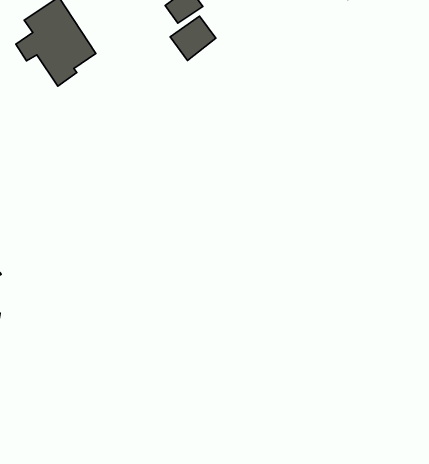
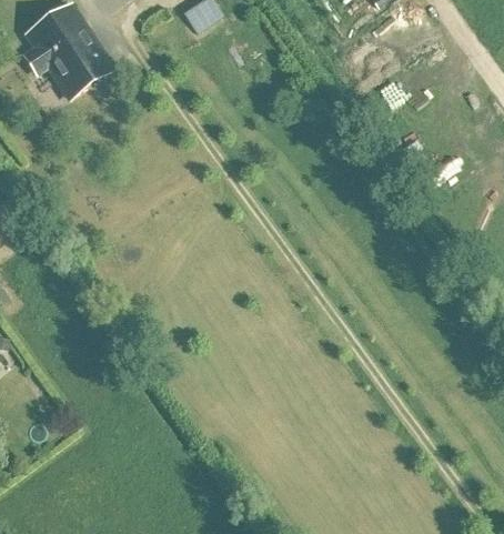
building: [170,16,216,61] -> none

